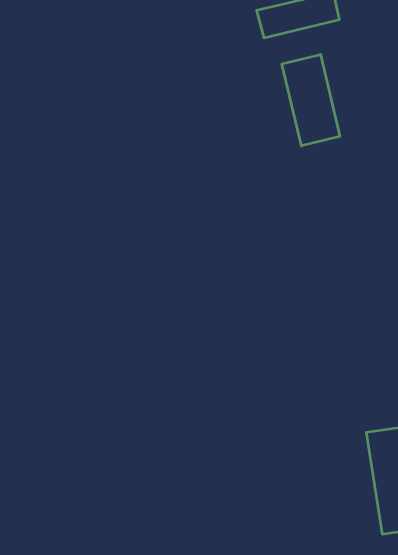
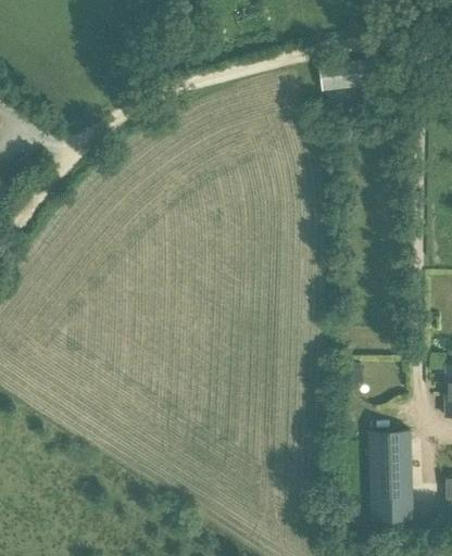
building: [282,54,340,146] -> none

